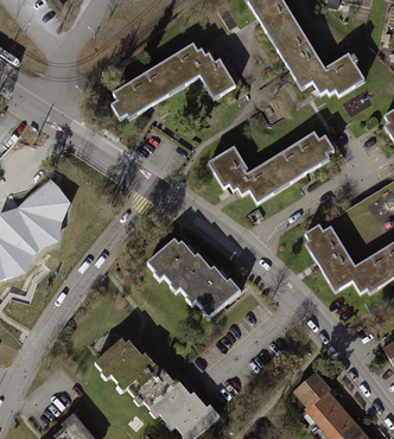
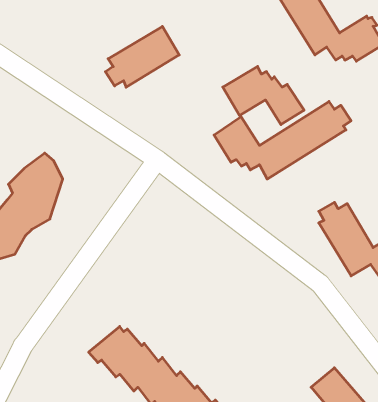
building: [160,44,235,97] -> [223,66,304,125]
building: [146,240,240,318] -> none

